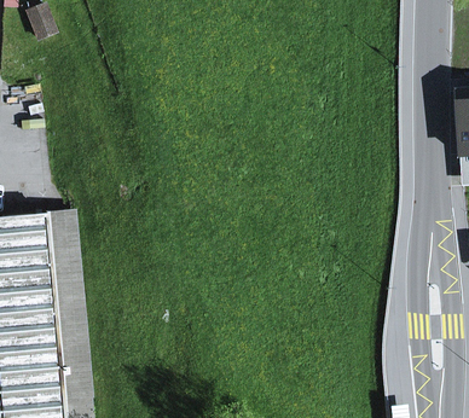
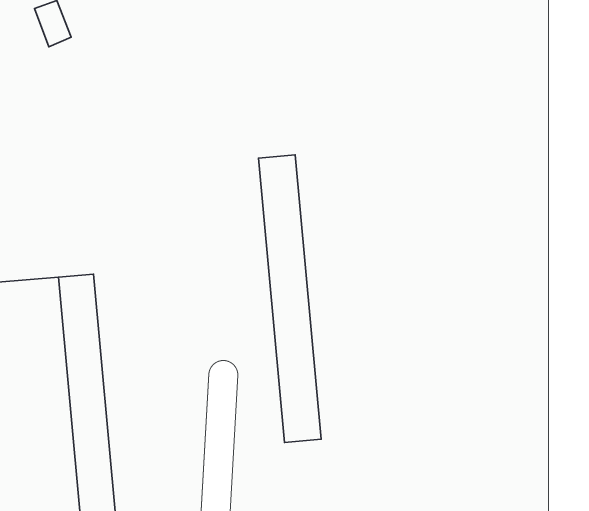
building: none -> [258,155,321,442]

